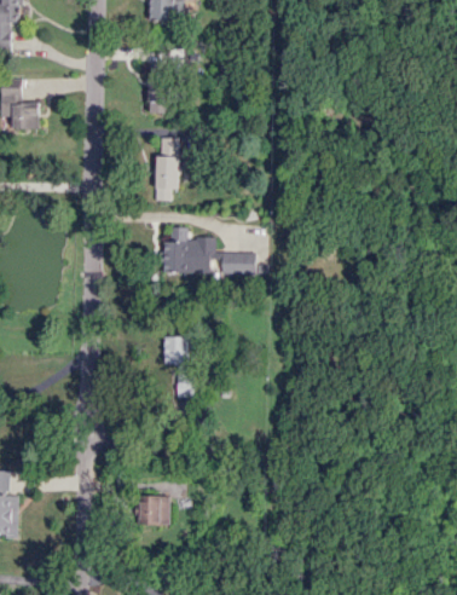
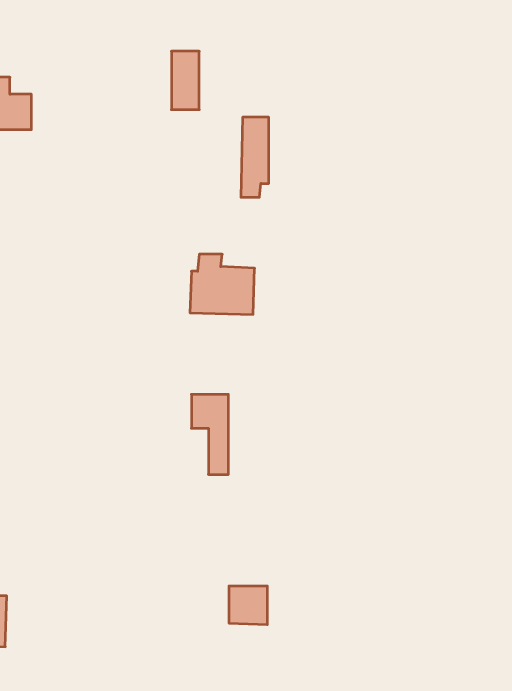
building: [156,138,178,201] -> [241,117,269,197]
building: [222,253,267,276] -> none
building: [139,496,169,526] -> [229,586,267,625]

